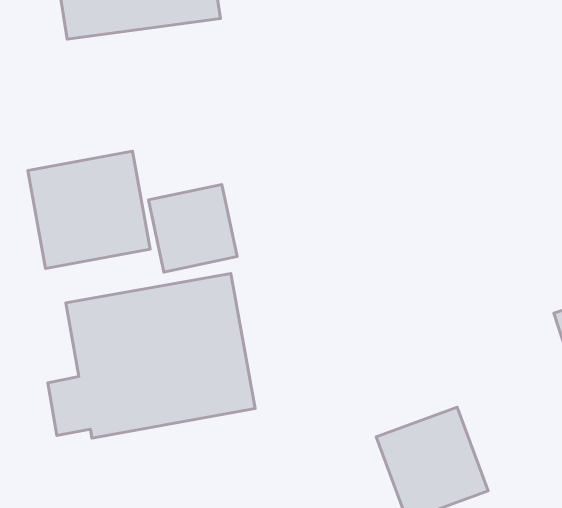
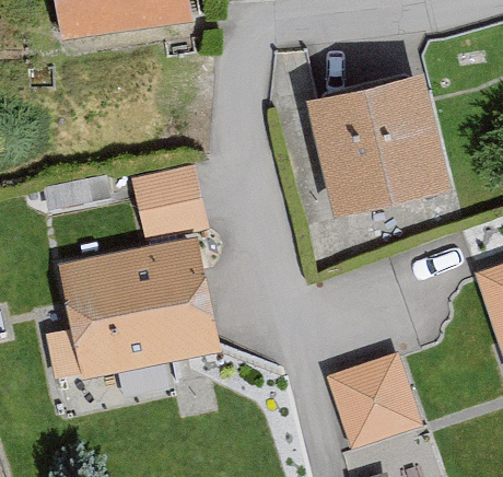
building: none -> [309,73,448,214]
building: [28,151,150,268] -> none

